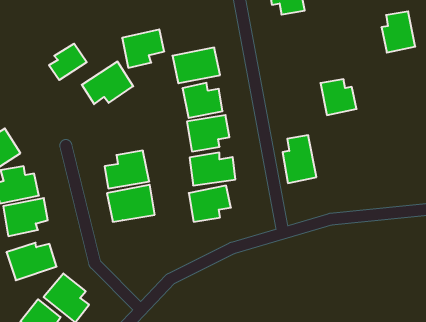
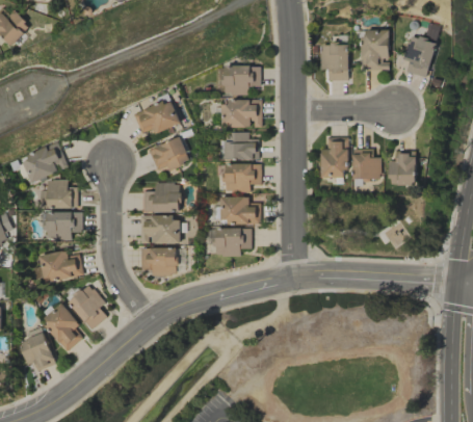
building: [381,11,415,53] -> [388,152,416,186]
building: [122,29,164,68] -> [224,65,260,96]
building: [49,44,87,80] -> none
building: none -> [149,139,188,173]
building: [283,135,316,183] -> [320,138,347,179]
building: none -> [140,248,176,276]

